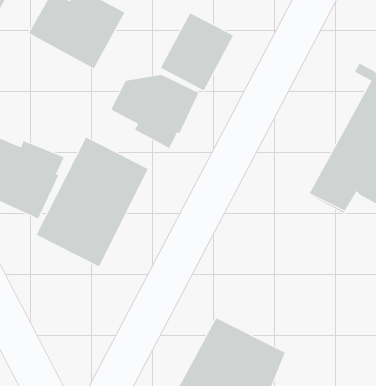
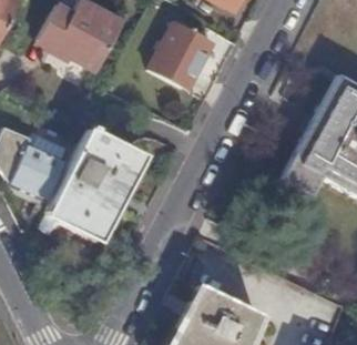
building: [111,74,199,149] -> none

